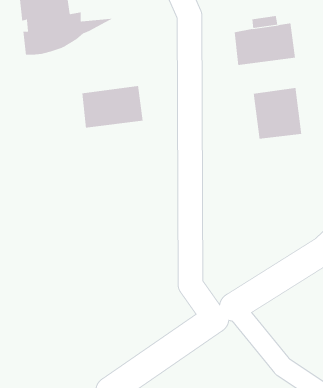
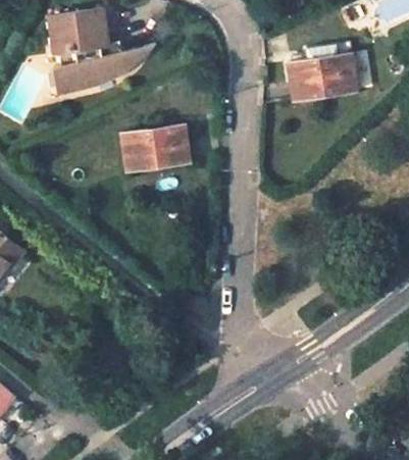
building: [253,87,302,140] -> none

